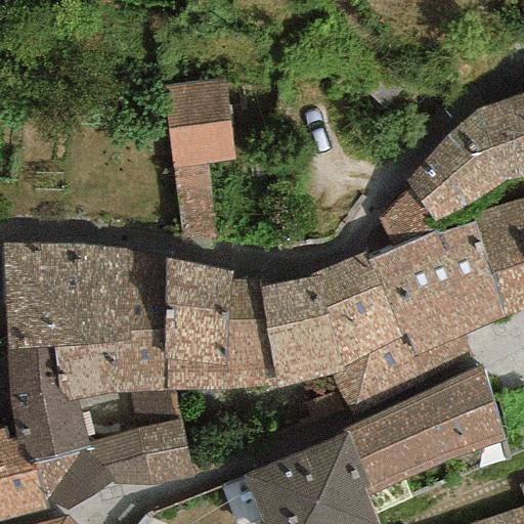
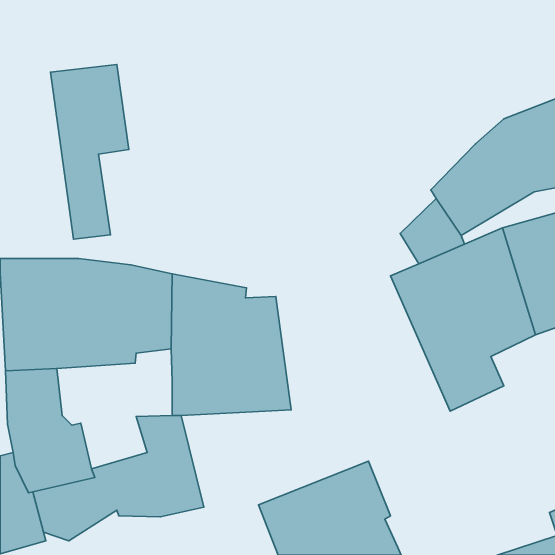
building: [162,77,235,241] -> [50,65,129,239]
building: [262,253,425,416] -> none
building: [55,328,164,399] -> none
building: [346,364,505,514] -> none

